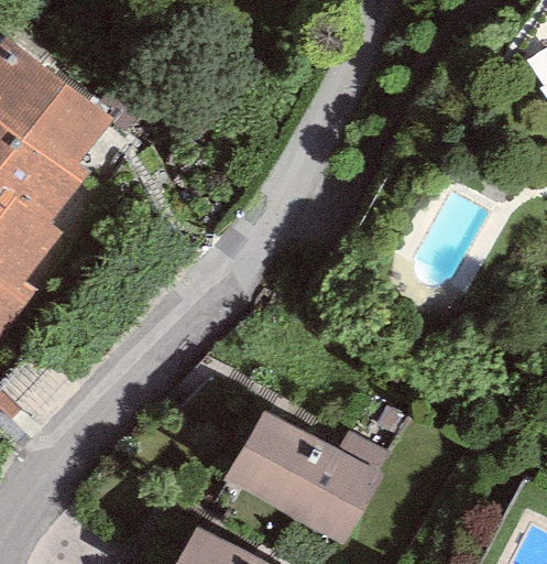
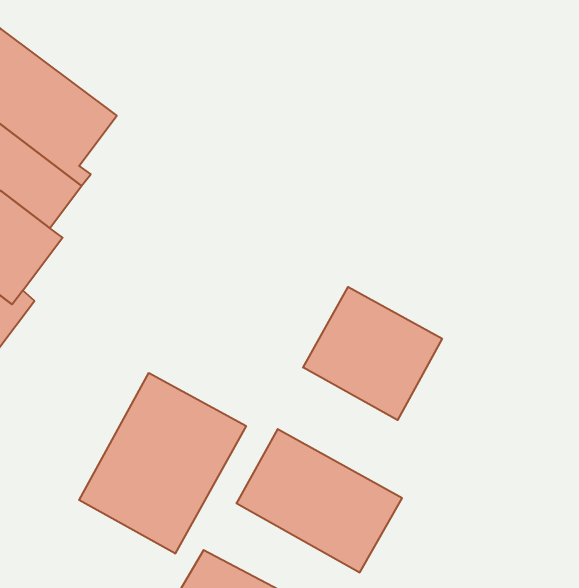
building: none -> [303,287,442,420]
building: none -> [79,373,246,554]

